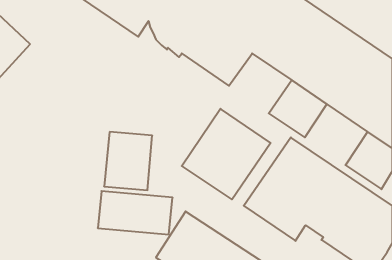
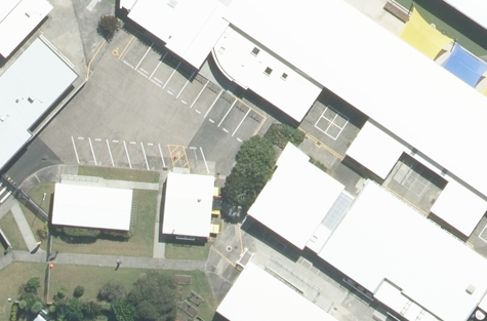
building: [98,191,173,235] -> [50,183,133,231]

